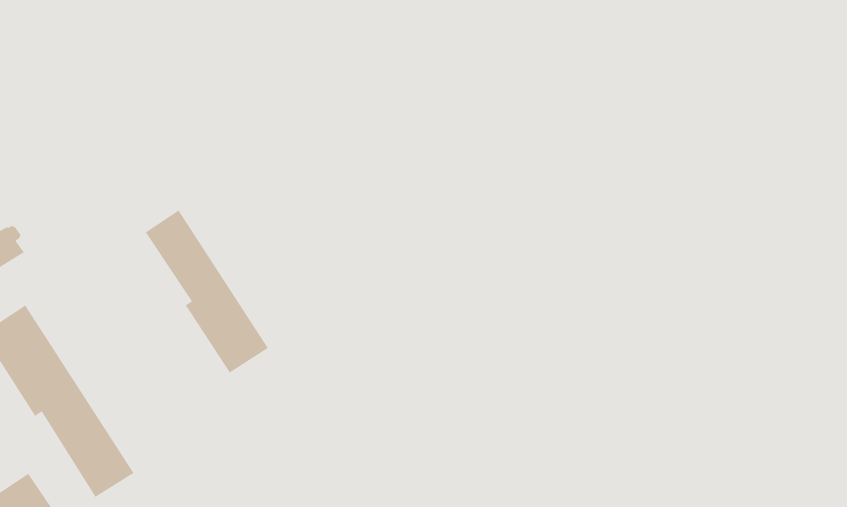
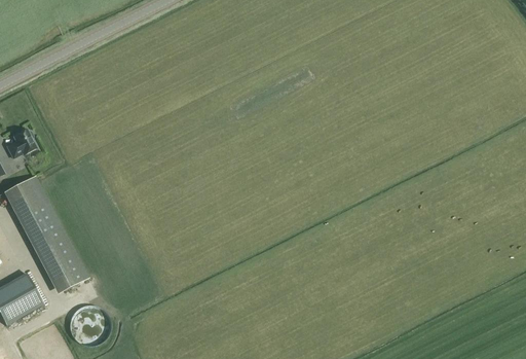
building: [145,209,269,373] -> none

